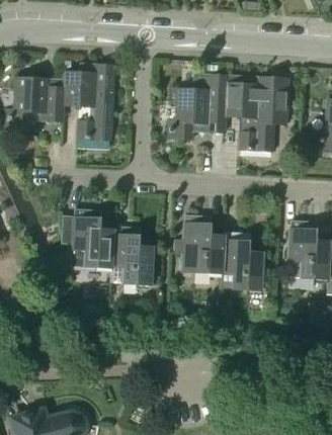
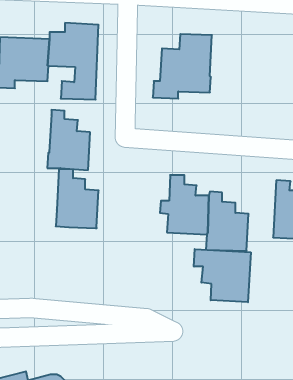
building: [224,76,288,151] -> none
building: [109,225,152,284] -> [47,110,90,170]
building: none -> [194,249,251,302]

